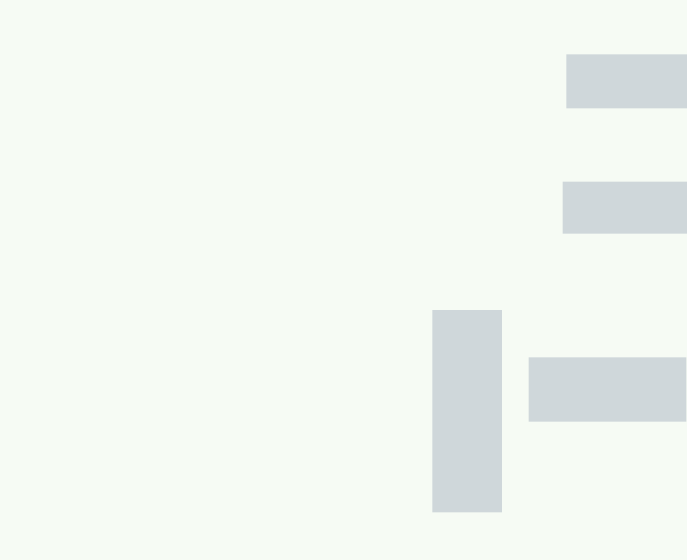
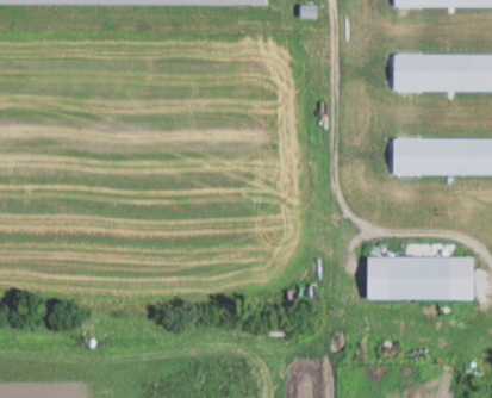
building: [432,309,503,513] -> none

